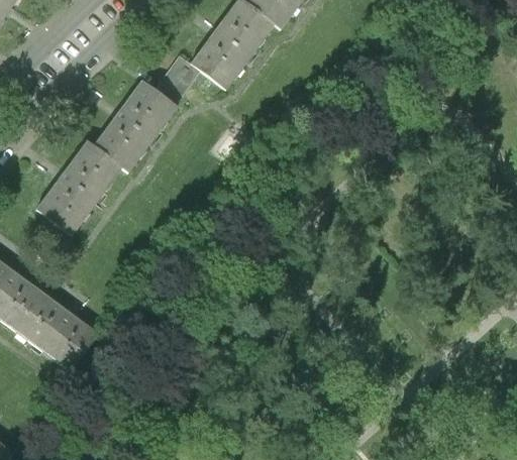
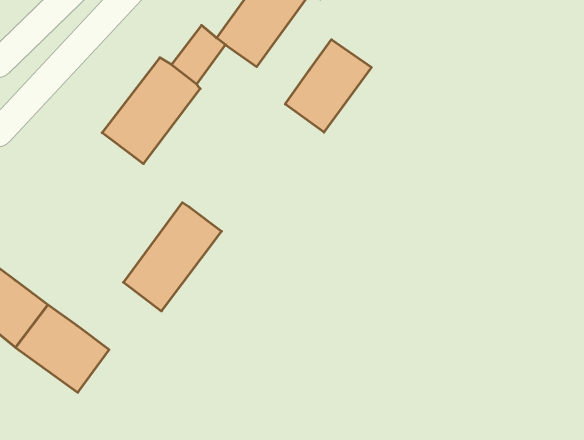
building: none -> [285,40,371,132]
building: [34,141,120,236] -> [123,203,222,311]

